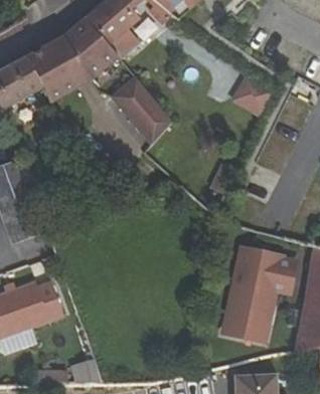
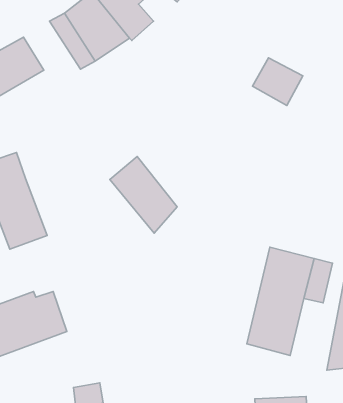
building: [27,43,77,104] -> none
building: [114,77,173,145] -> [110,157,177,233]

